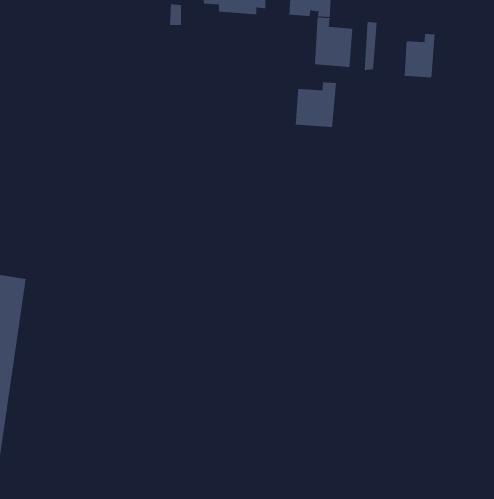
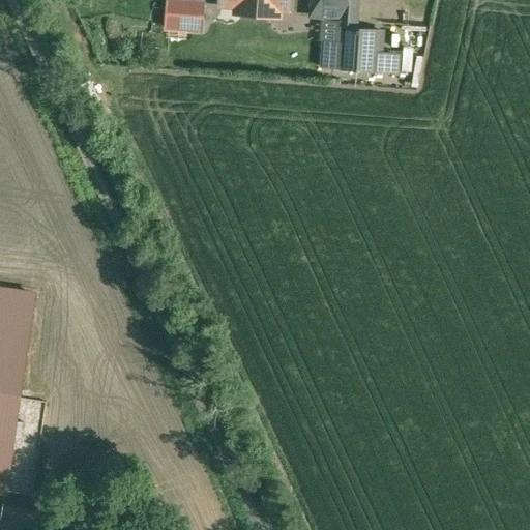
building: [404,33,435,78] -> none
building: [295,81,336,128] -> none

